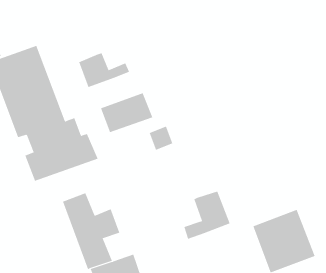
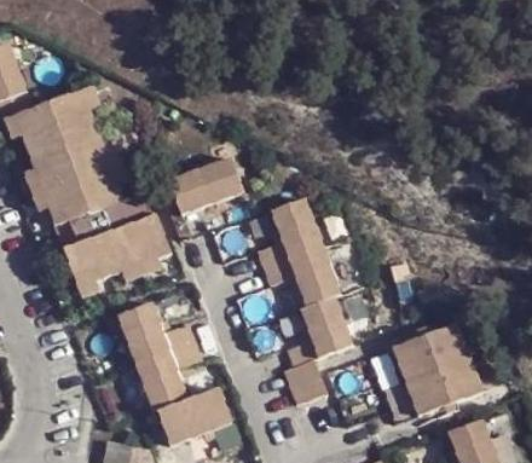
building: [79,53,130,88] -> none
building: none -> [261,201,345,311]
building: none -> [289,363,334,409]

